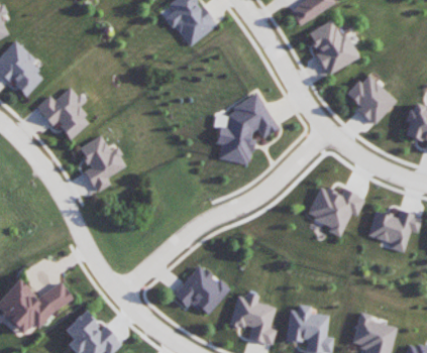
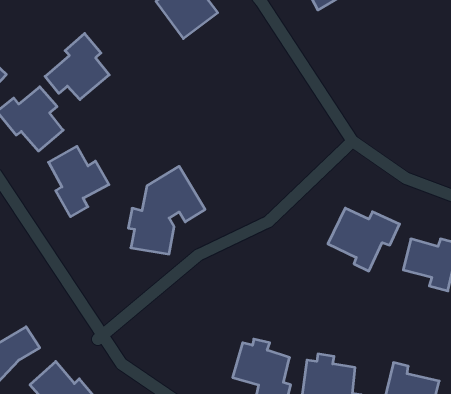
building: [305,20,357,76] -> none
building: none -> [45,33,109,100]
building: [345,74,395,125] -> none
building: [214,93,277,164] -> [128,166,205,254]
building: [170,264,228,316] -> none

